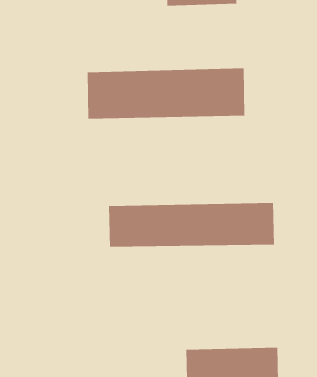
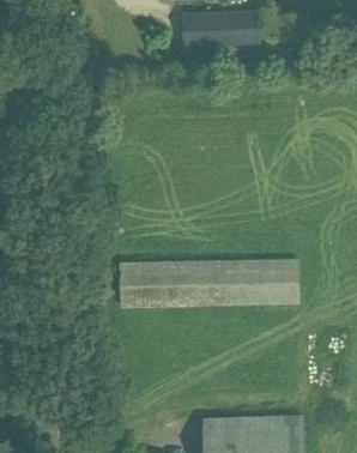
building: [87,67,245,119] -> none

